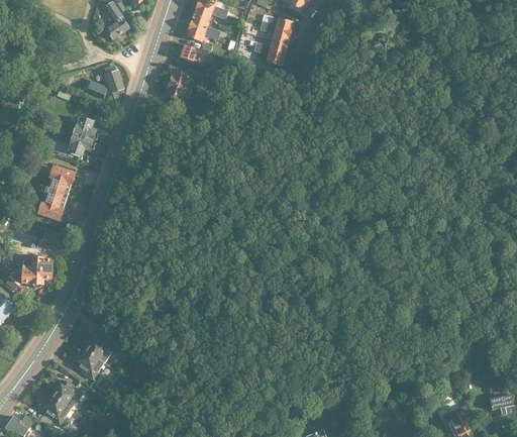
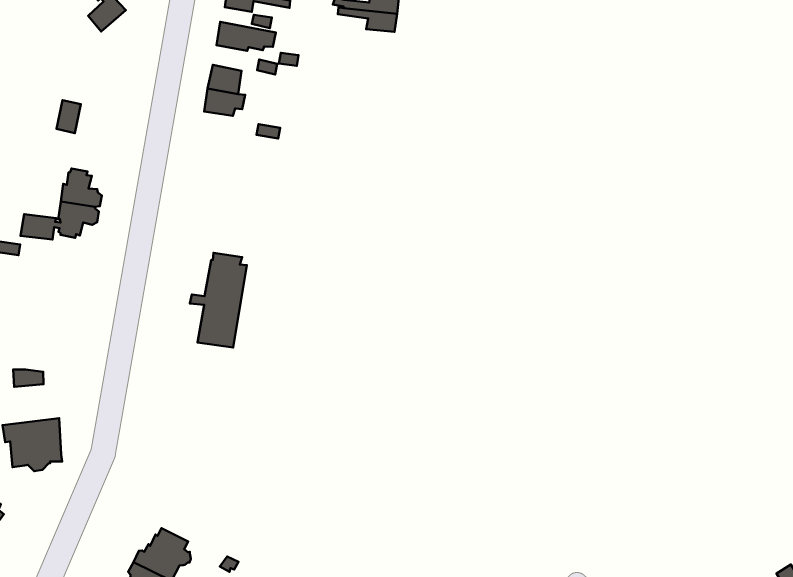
building: [104,65,123,97] -> none
building: [38,162,75,219] -> [190,253,247,348]

